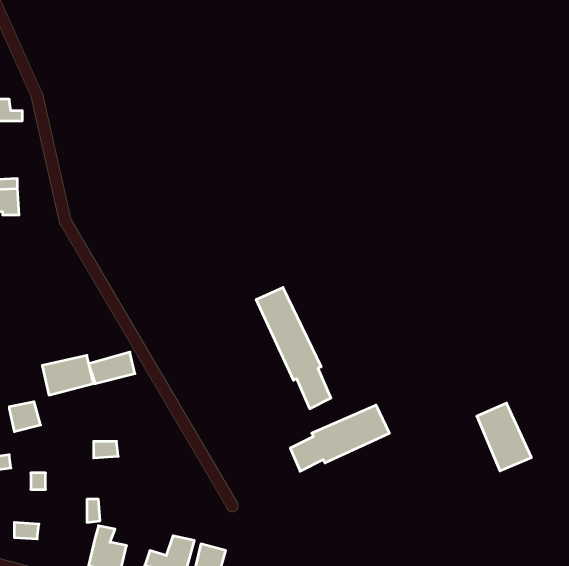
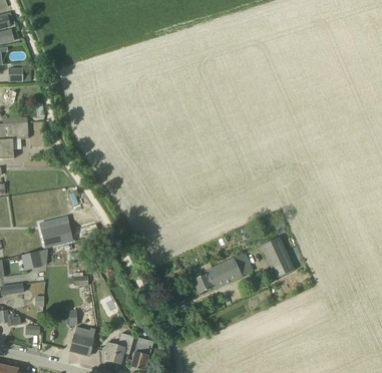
building: [256,287,331,409] -> none
building: [477,403,531,471] -> [261,235,294,276]

